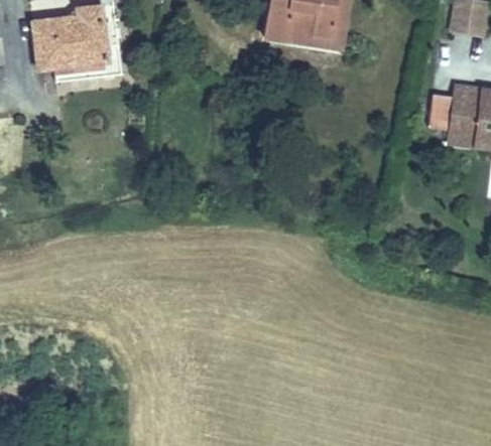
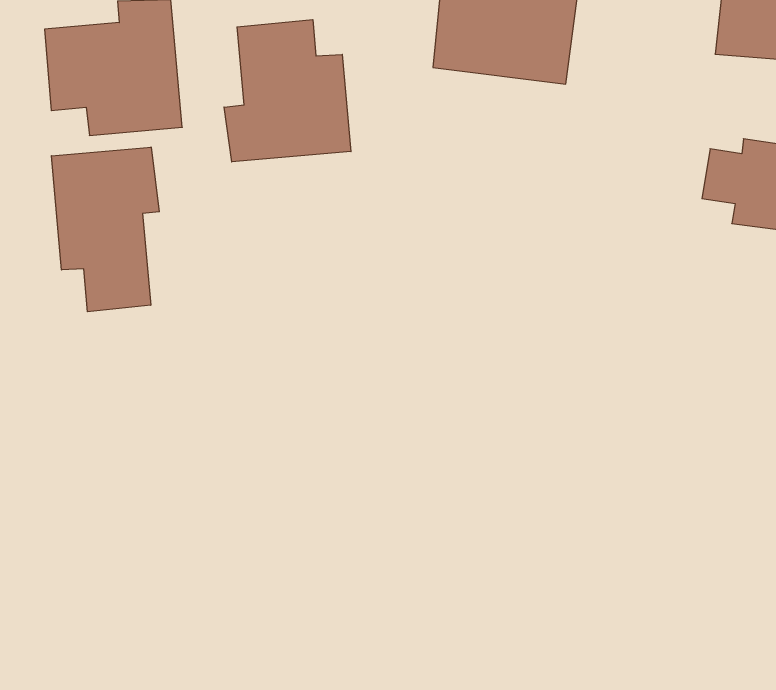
building: none -> [224,20,351,162]
building: none -> [51,147,159,312]

